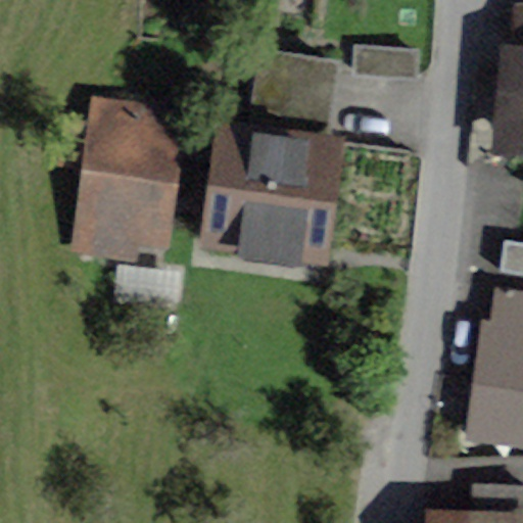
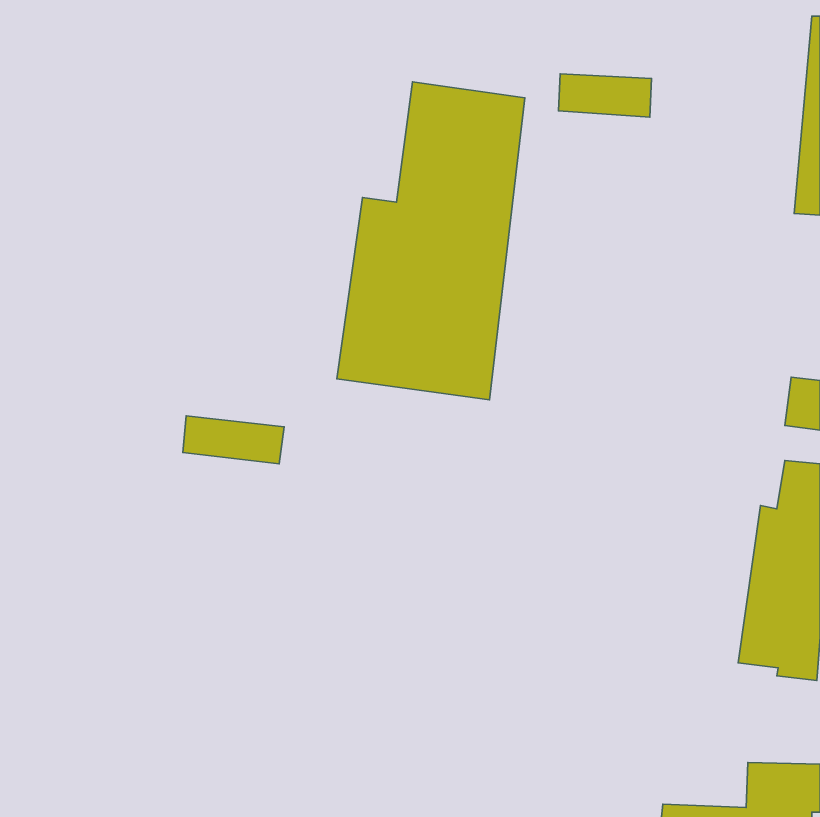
building: [82,107,168,253] -> none

